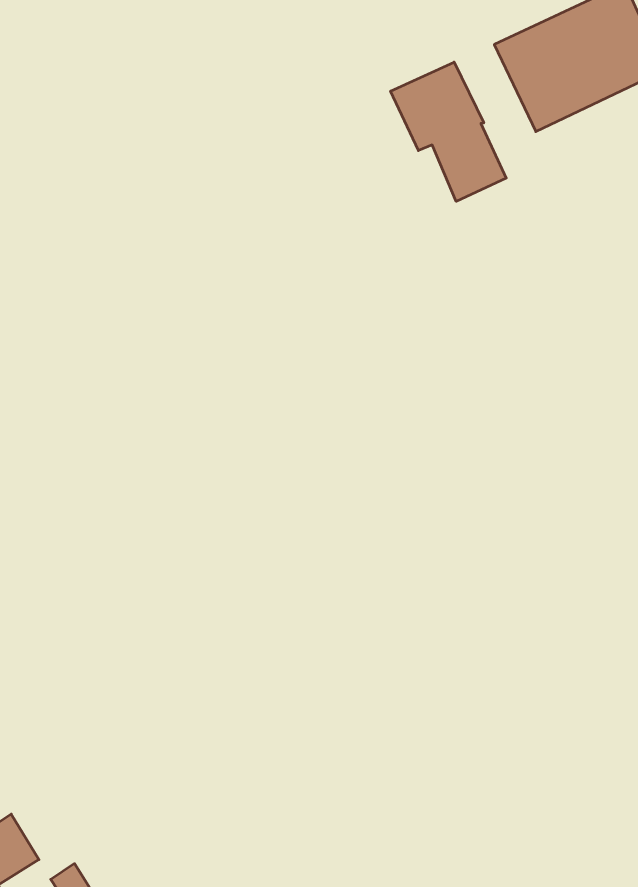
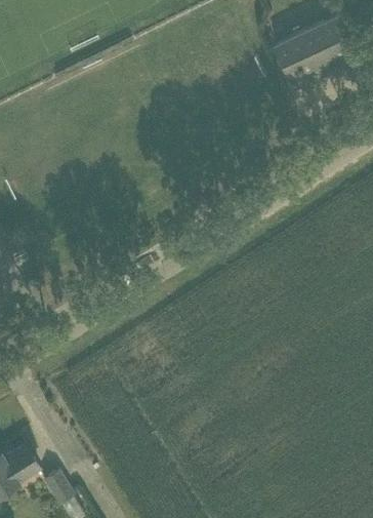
building: [391,62,506,201] -> none

